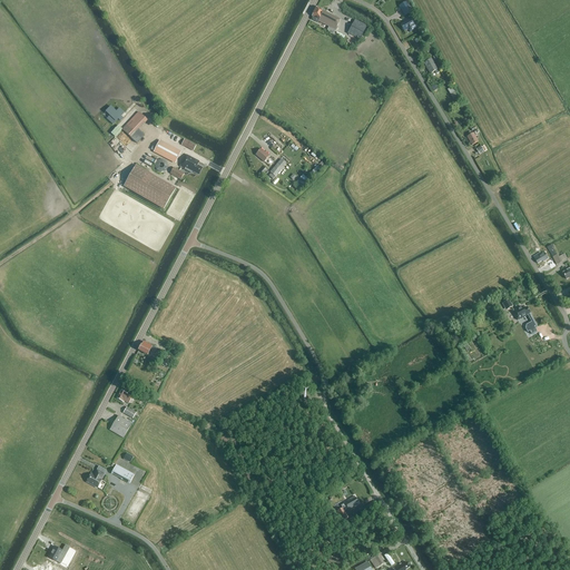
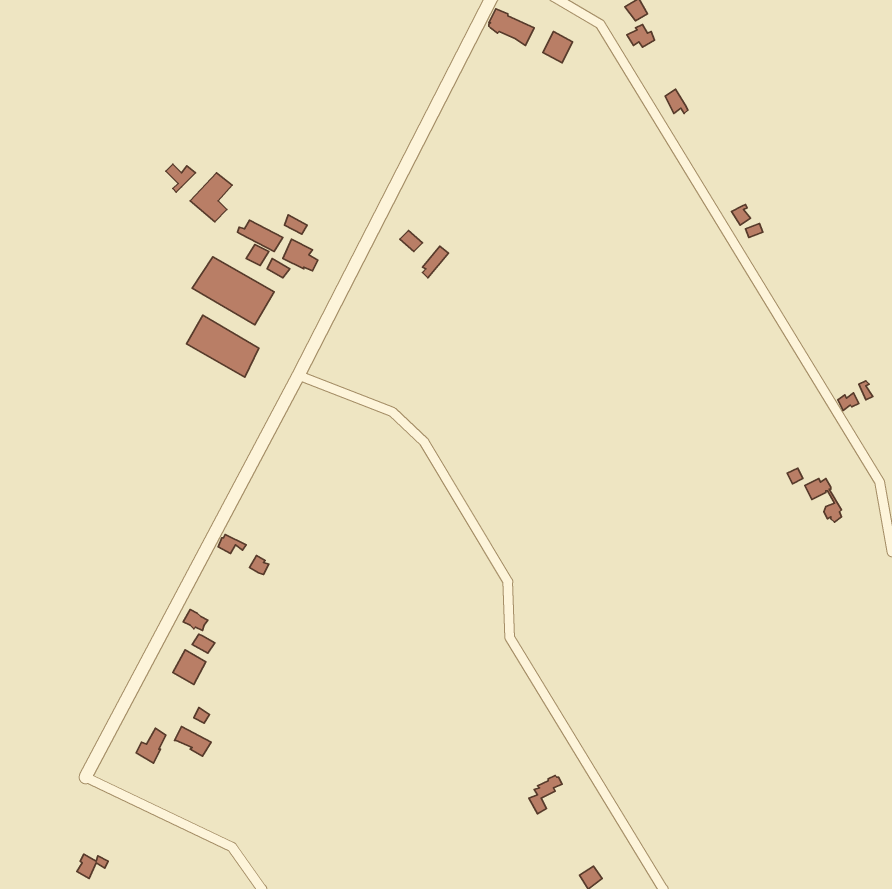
building: none -> [186,315,259,377]

